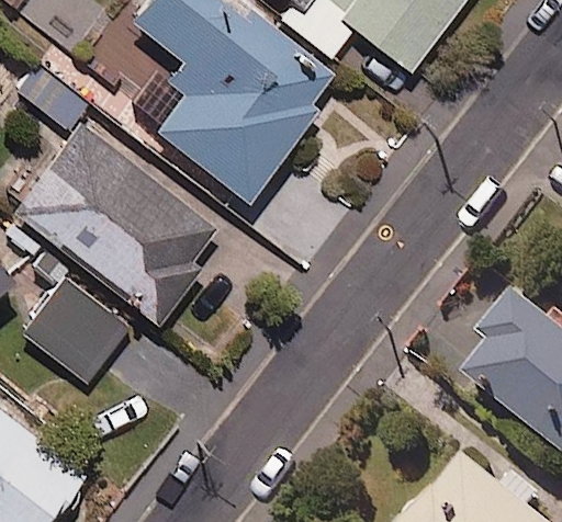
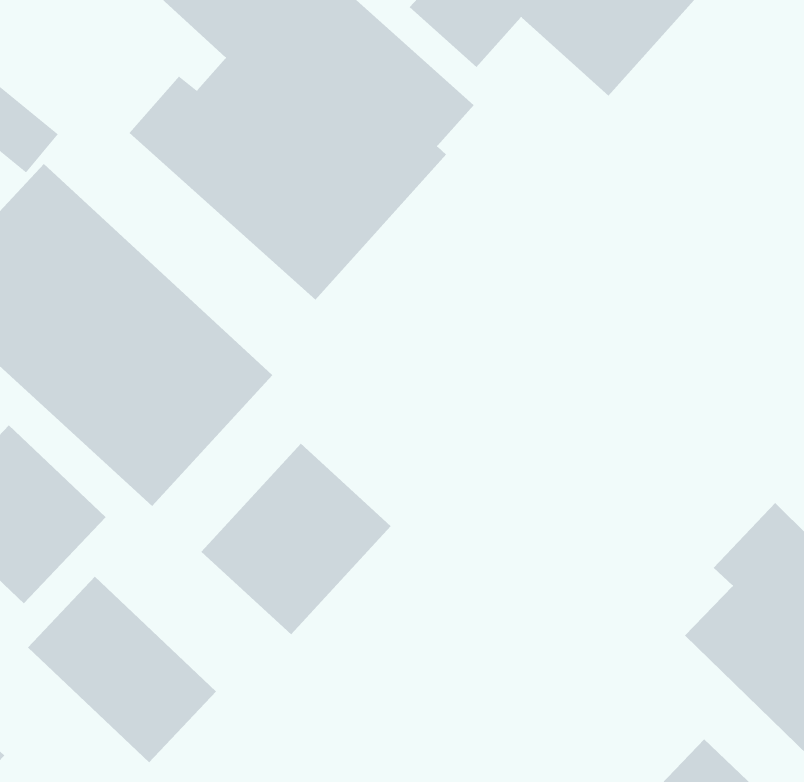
building: none -> [201,443,391,635]
building: none -> [27,576,217,763]

